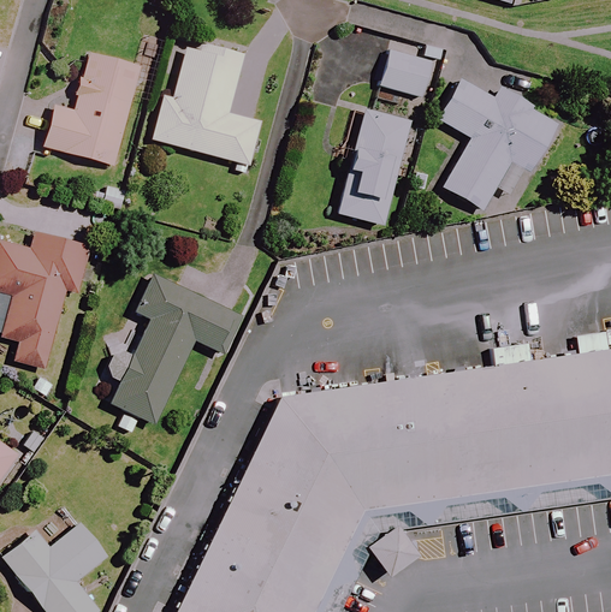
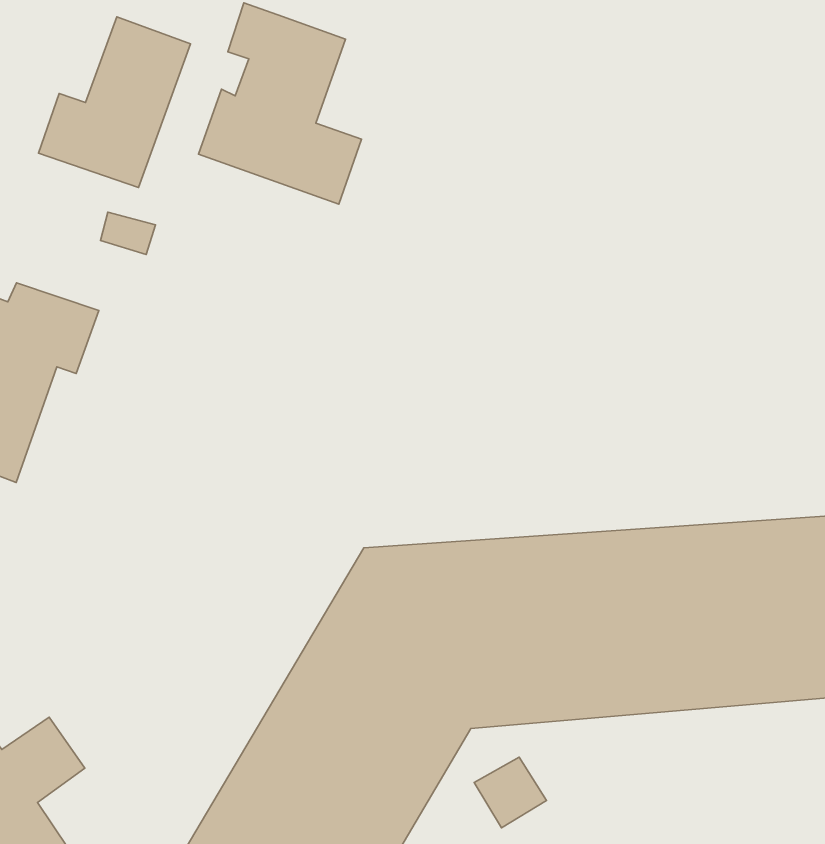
building: [381,50,432,96] -> none
building: [438,81,559,212] -> none
building: [338,109,410,225] -> none
building: [107,277,241,432] -> none

